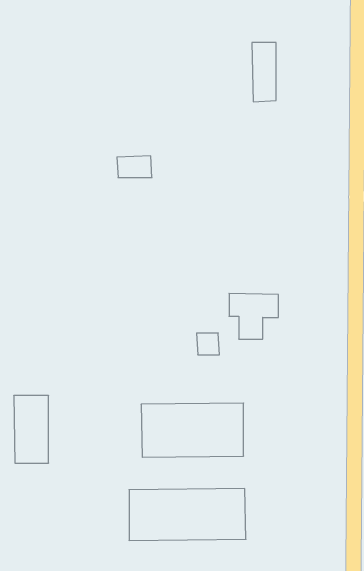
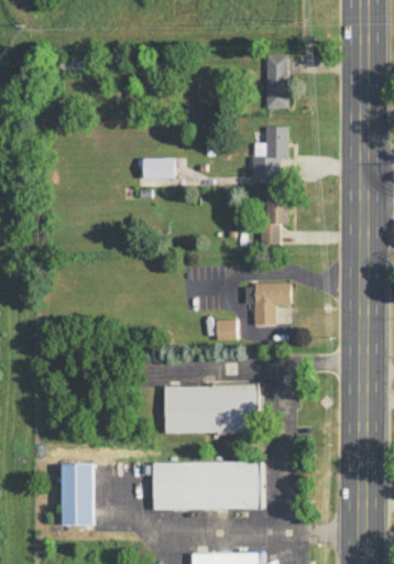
building: none -> [252,127,288,178]
building: none -> [263,195,288,246]
building: [14,396,49,463] -> [62,465,94,527]

